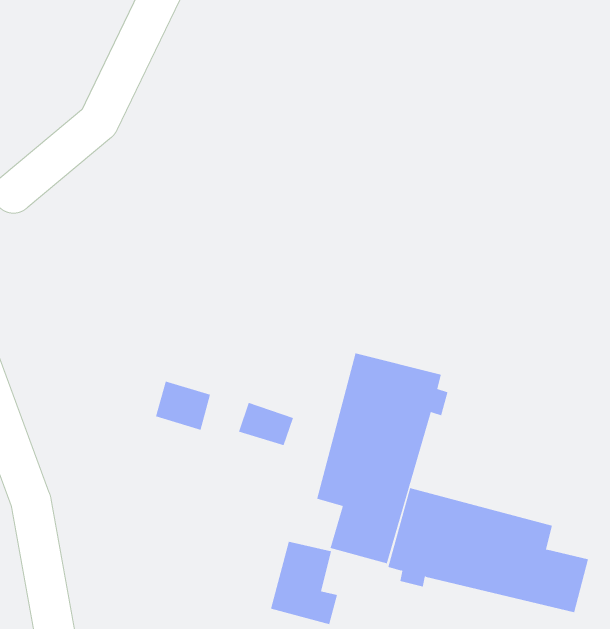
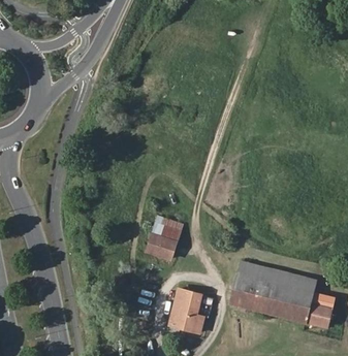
building: [317,352,448,564] -> none
building: [155,381,211,430] -> [147,232,176,258]

